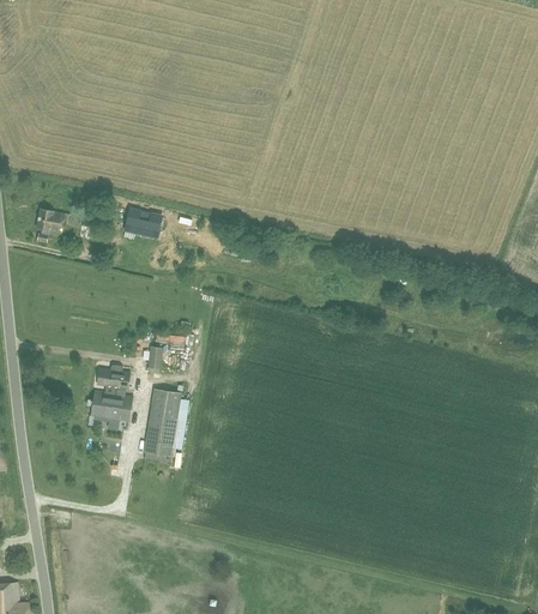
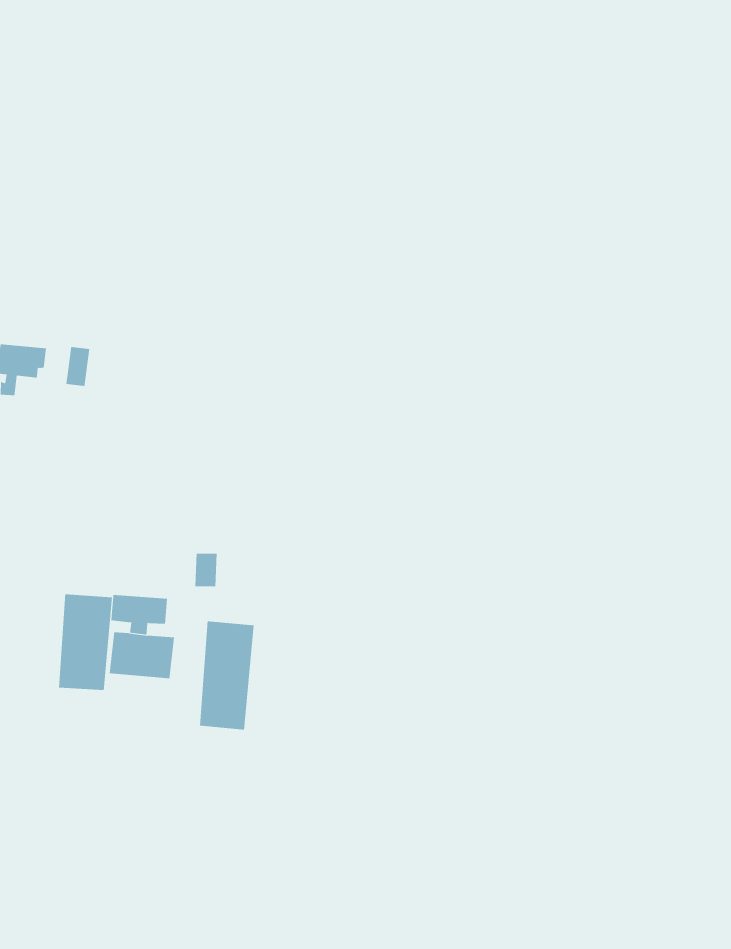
building: [123,210,161,239] -> none
building: none -> [59,594,112,691]

